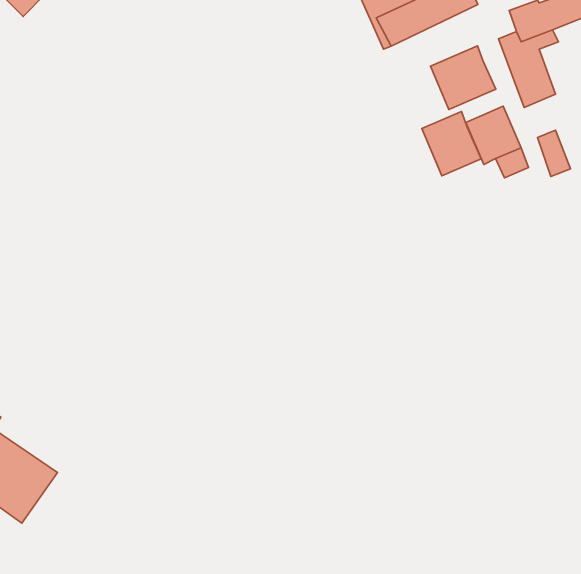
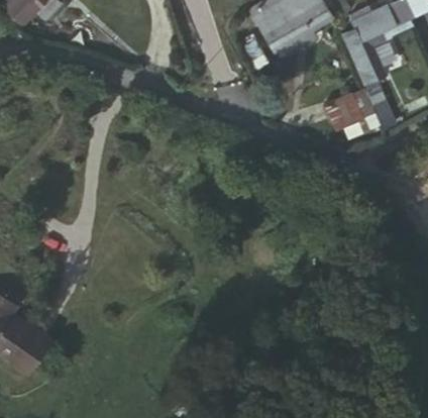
building: [431,46,496,109] -> none
building: [422,111,481,176] -> none

